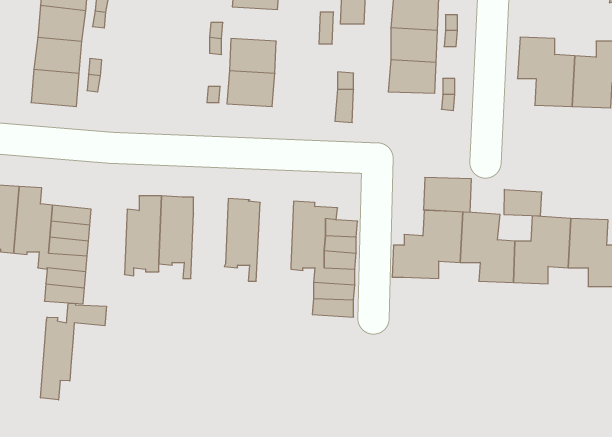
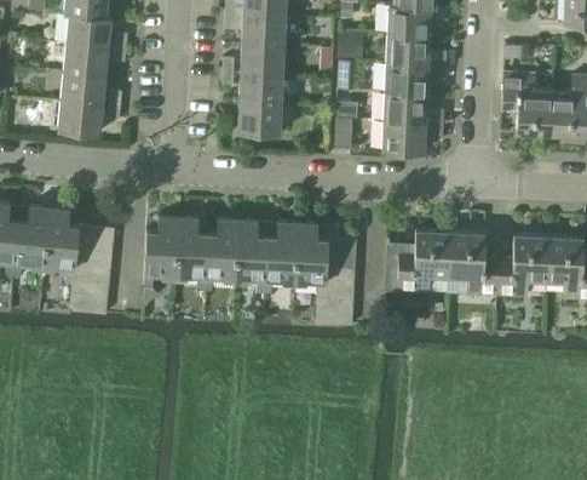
building: none -> [240,44,282,75]
building: [423,178,471,212] -> [381,121,425,153]
building: [504,189,542,216] -> none
building: none -> [203,218,237,292]
building: none -> [263,221,297,295]
building: [41,303,106,400] -> none

